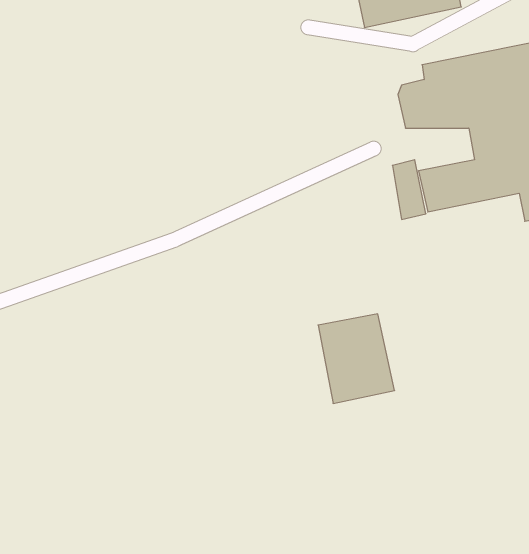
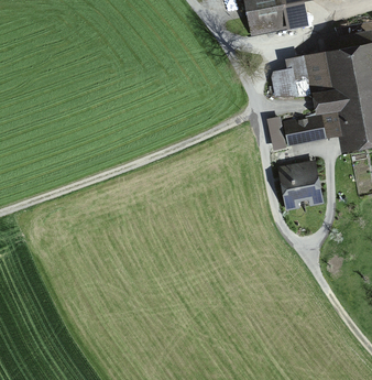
building: [318,314,395,403] -> [281,159,326,211]

